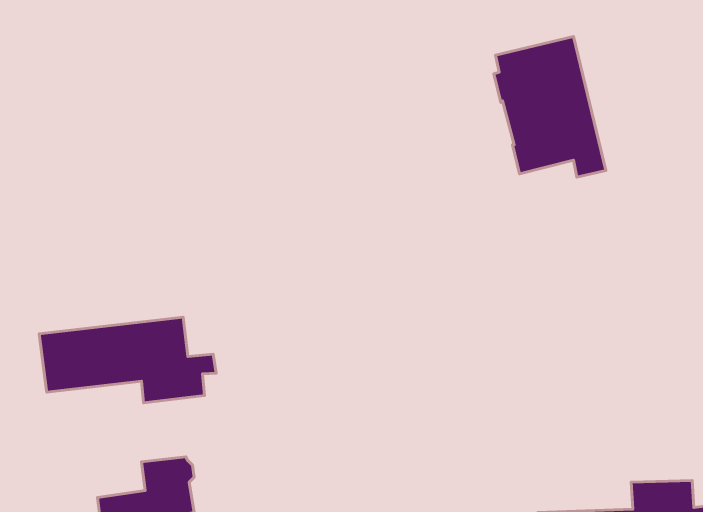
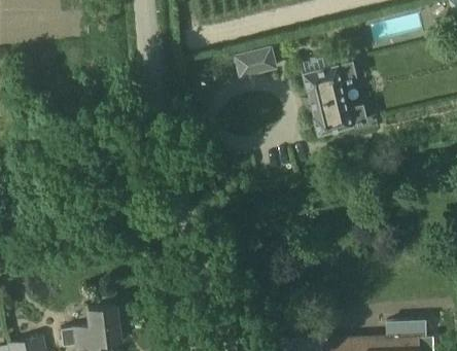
building: none -> [235,47,277,77]
building: [39,317,216,403] -> none

